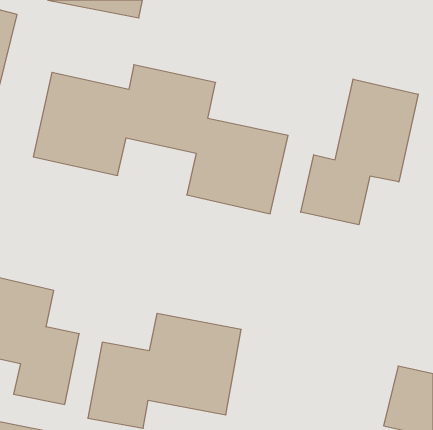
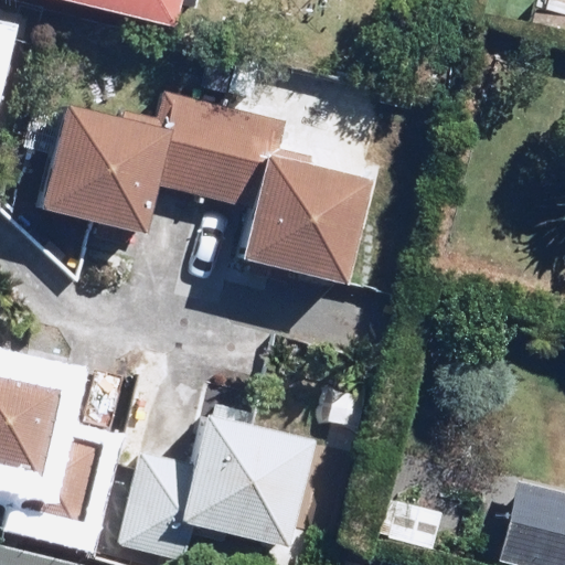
building: [301,79,418,225] -> none

